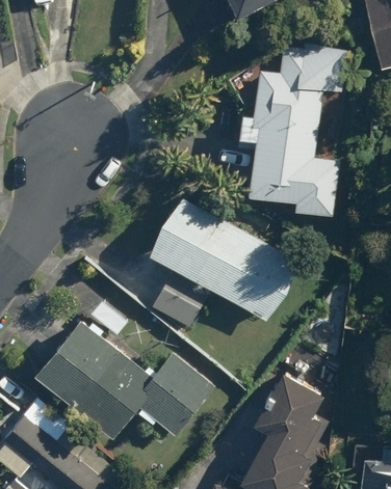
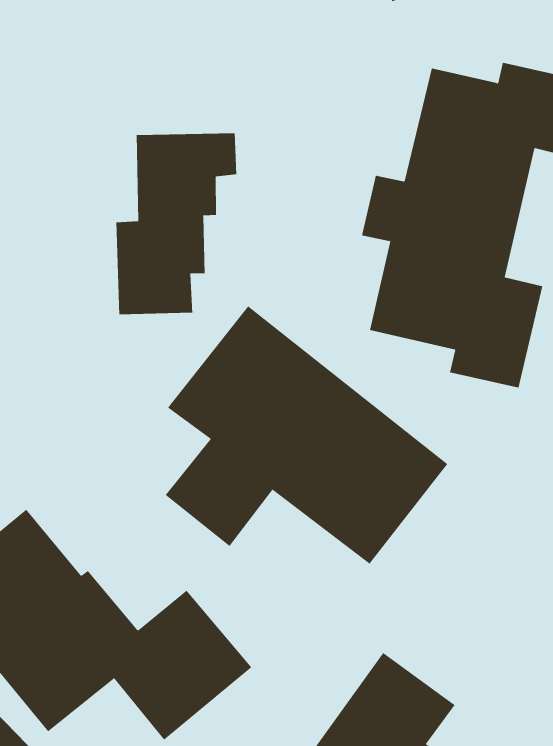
building: none -> [116,132,237,315]

